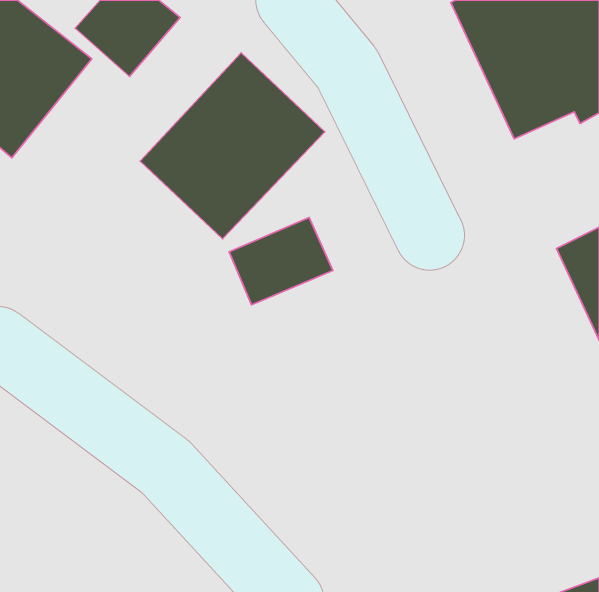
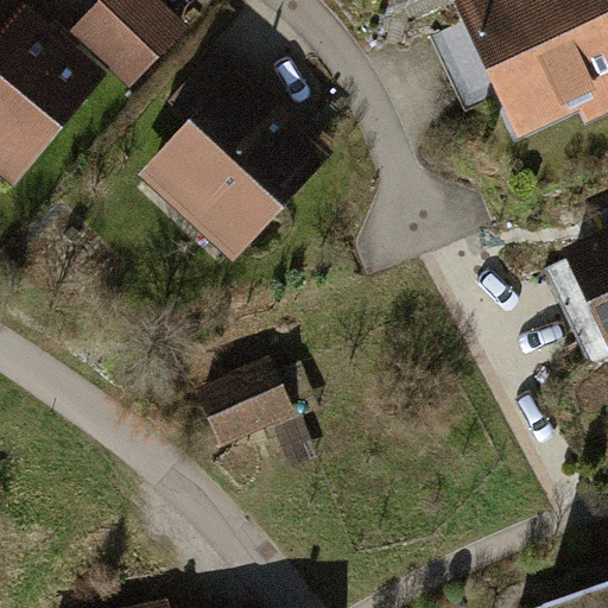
building: [229,218,333,305] -> [192,352,297,439]

